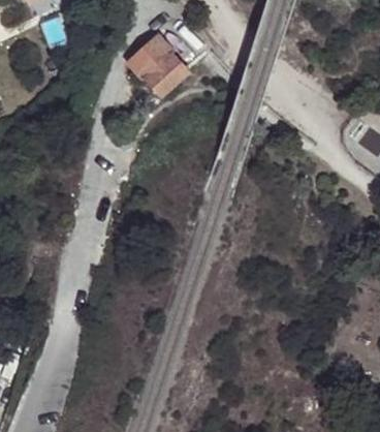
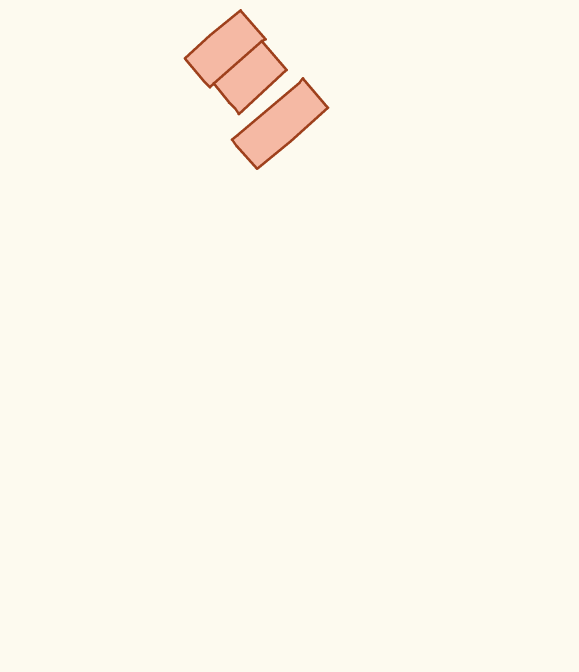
building: none -> [232,78,328,169]

